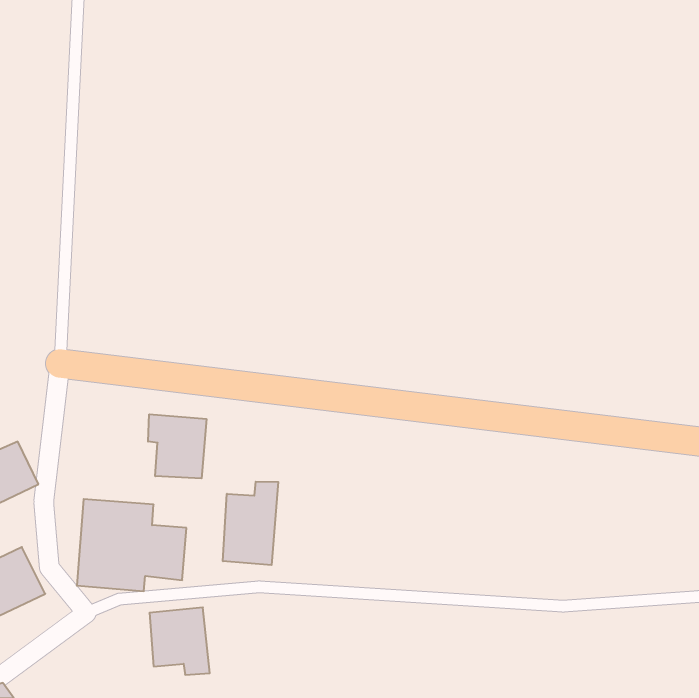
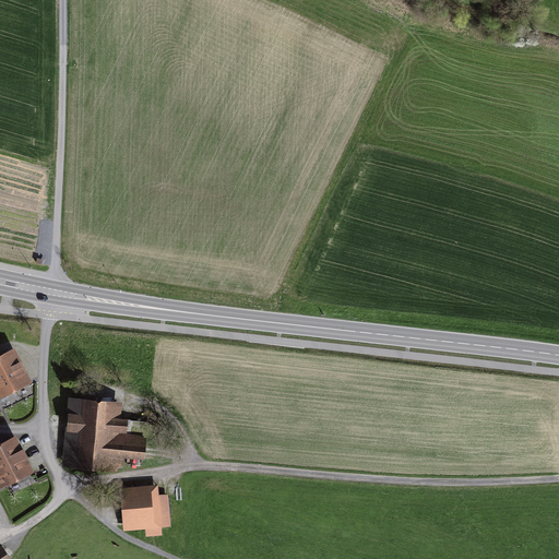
building: [148,414,206,478] -> none
building: [223,482,278,565] -> none

